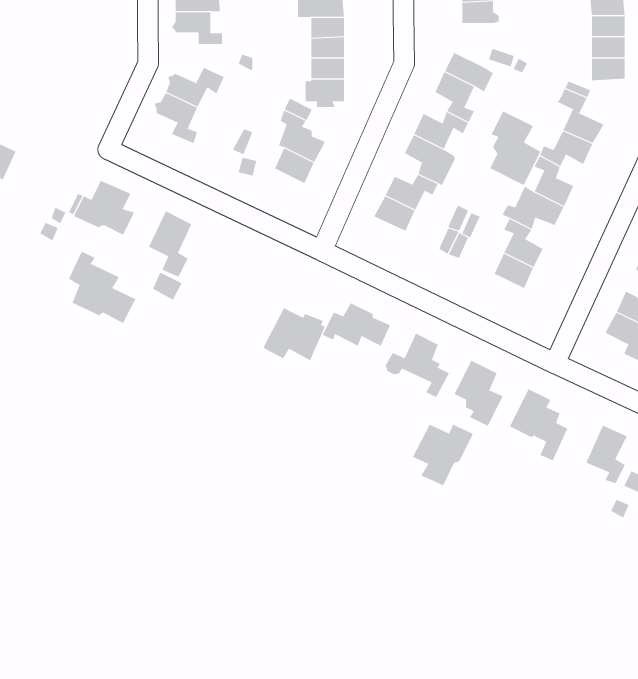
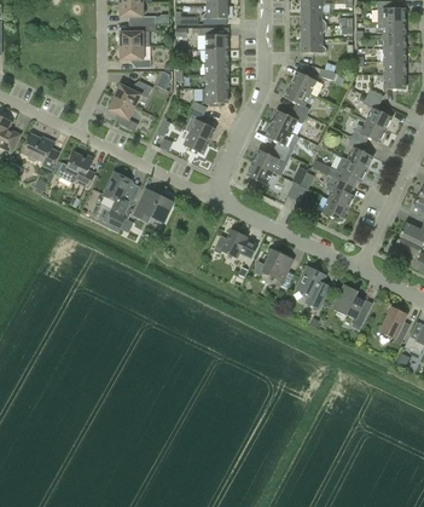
building: [489,110,541,186] -> none
building: none -> [22,133,59,168]
building: [68,251,136,324] -> none
building: [263,308,326,361] -> [134,188,174,221]
building: [412,424,473,486] -> none

